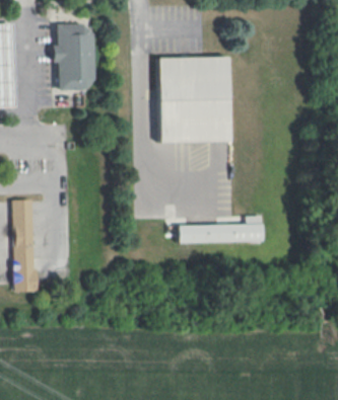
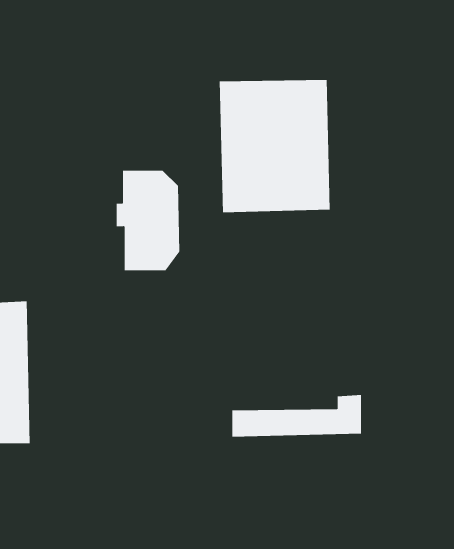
building: [54,23,95,88] -> [116,170,180,271]
building: [180,216,264,243] -> [231,395,362,437]

